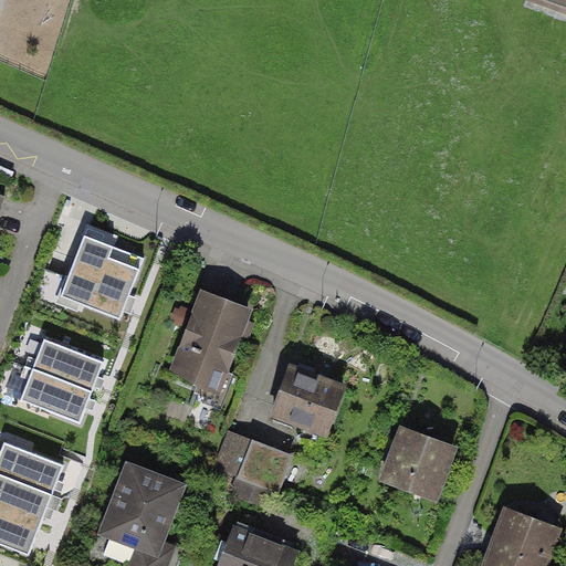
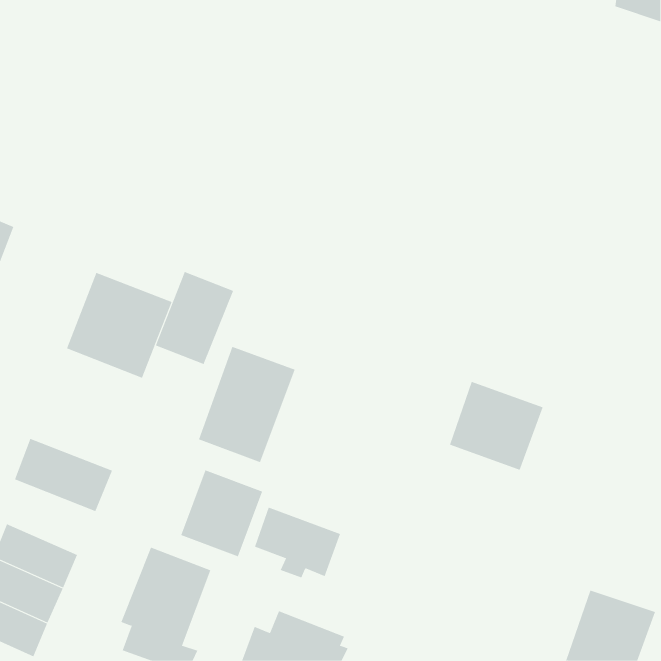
building: none -> [155,271,234,365]
building: [25,338,111,401] -> none
building: [273,367,344,432] -> none
building: none -> [180,470,263,557]
building: [377,418,458,494] -> [449,381,544,471]

